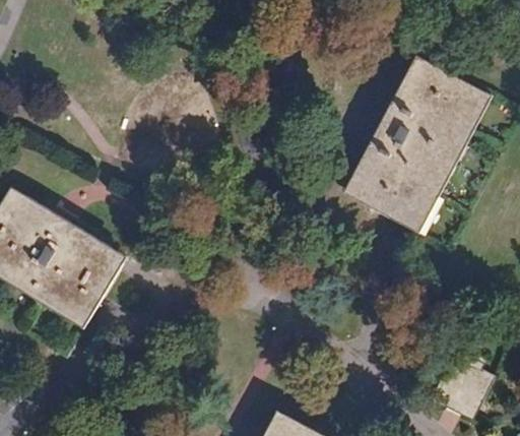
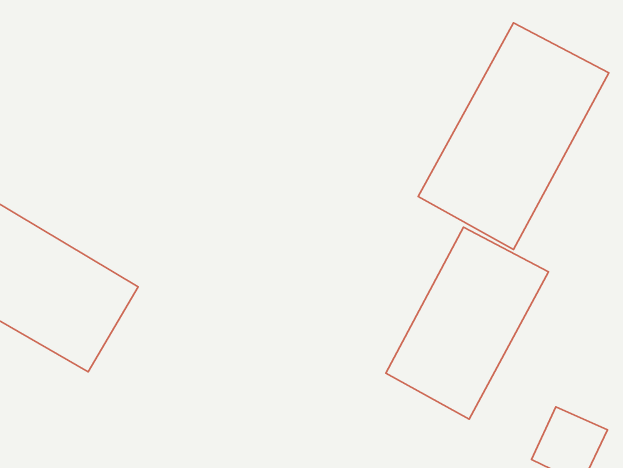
building: none -> [386,227,549,419]

